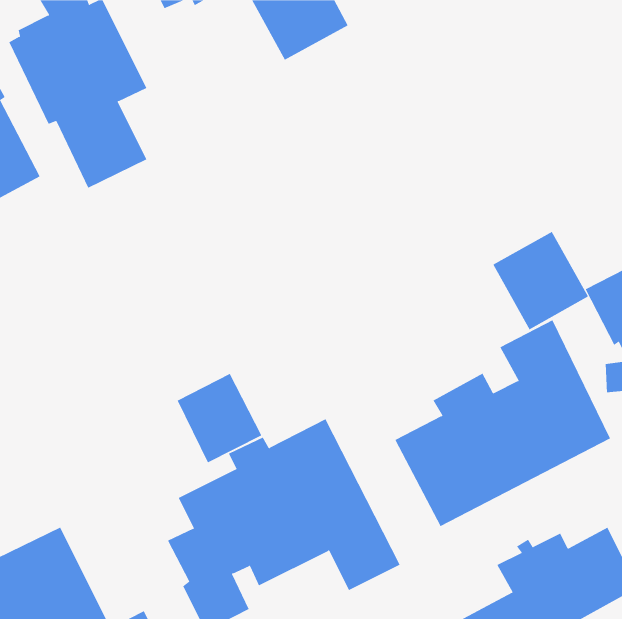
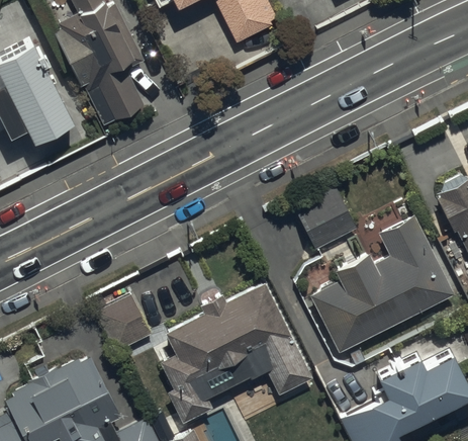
building: [493,231,589,330] -> [293,185,357,251]
building: [177,373,262,463] -> [96,293,153,353]

